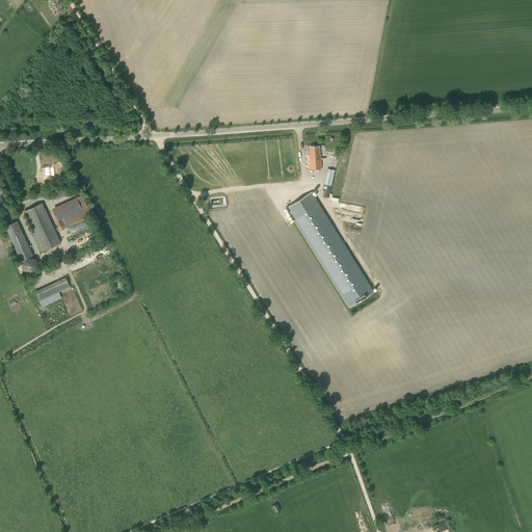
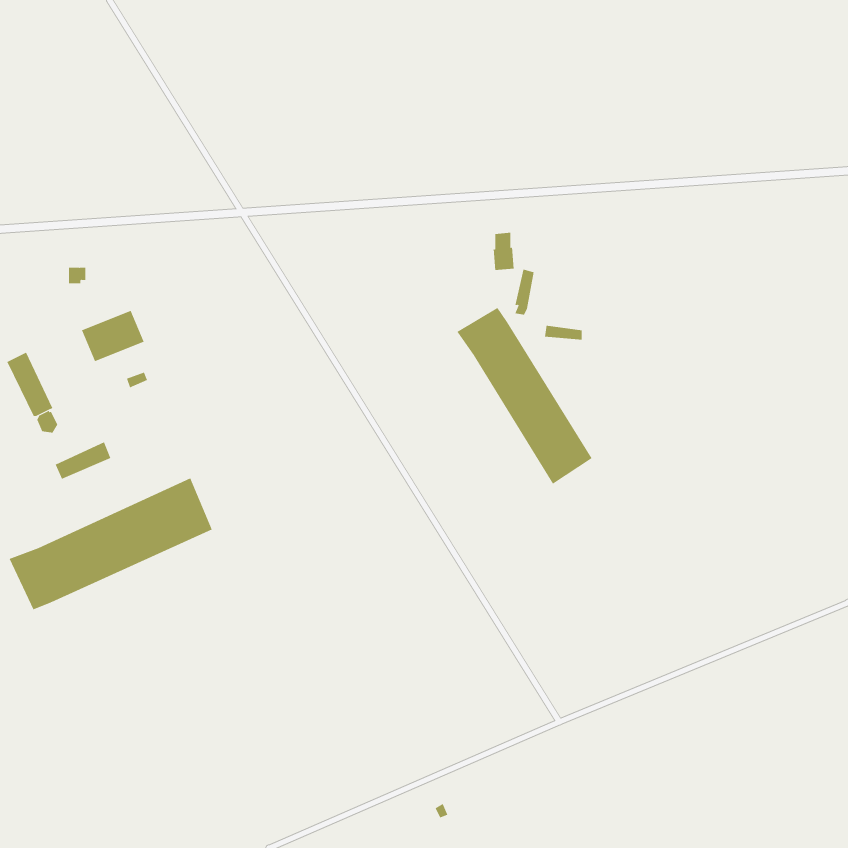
building: [25,203,60,250] -> none
building: none -> [9,477,212,610]

